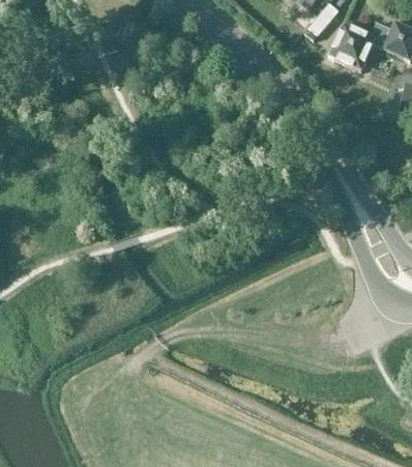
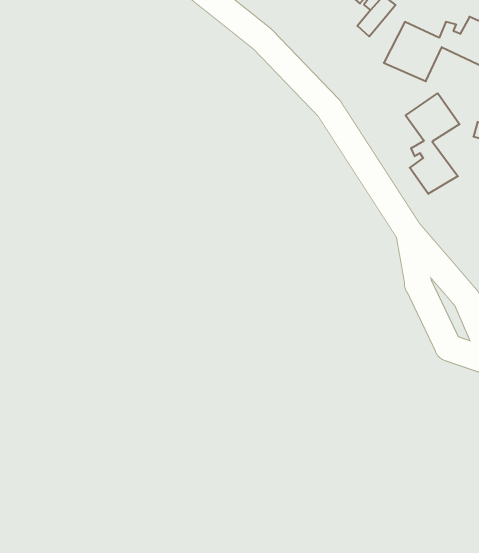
building: none -> [406,93,460,194]

